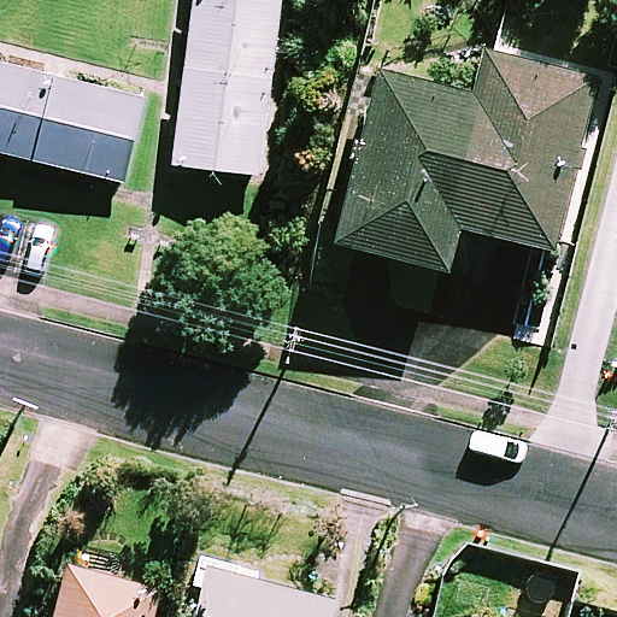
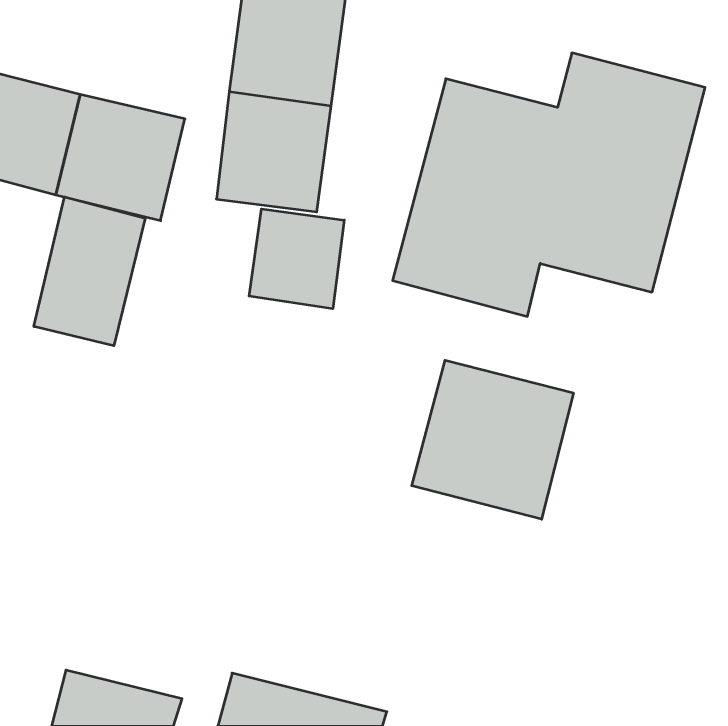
building: none -> [34,197,145,346]
building: none -> [249,209,344,309]
building: none -> [412,360,573,519]

